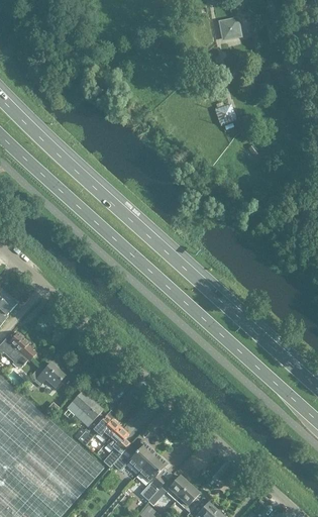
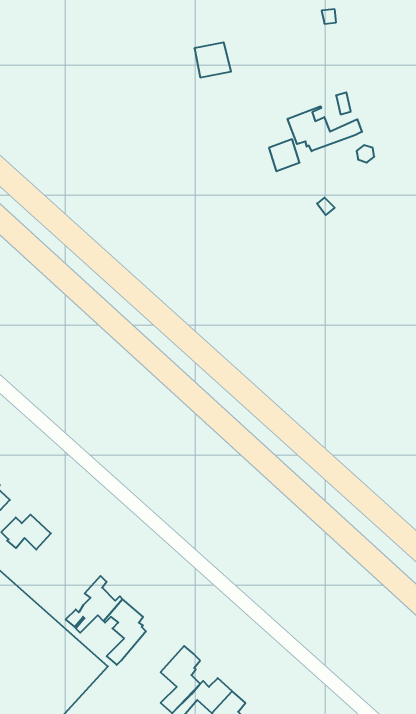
building: [217,16,242,40] -> [194,42,231,77]
building: none -> [288,106,362,151]
building: [66,390,98,425] -> none
building: [112,442,155,472] -> none

